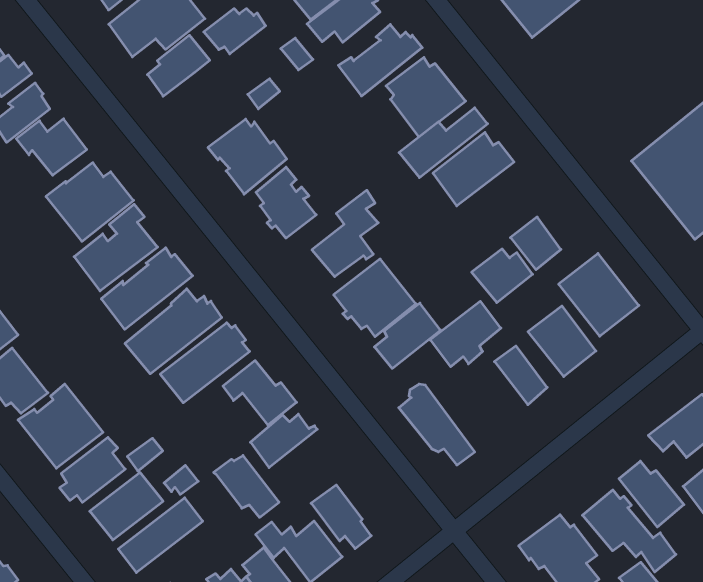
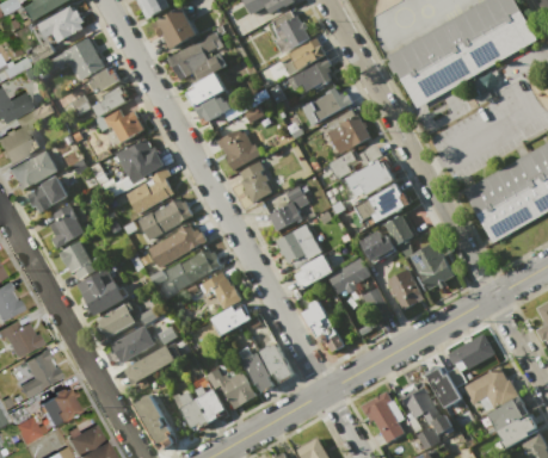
building: [204,9,266,54] -> [193,95,230,122]
building: none -> [353,184,411,222]
building: [214,455,279,517] -> [257,344,293,382]

